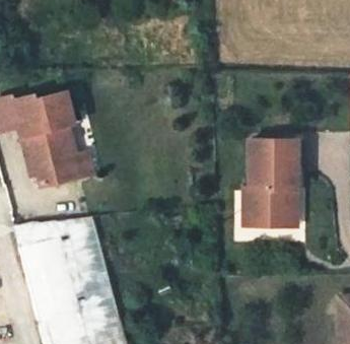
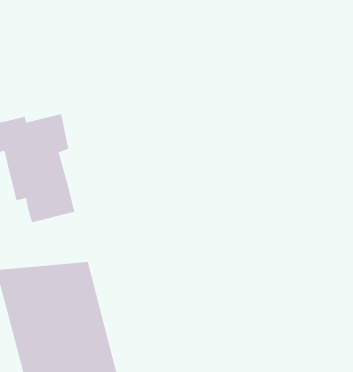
building: [246,144,300,227] -> none

